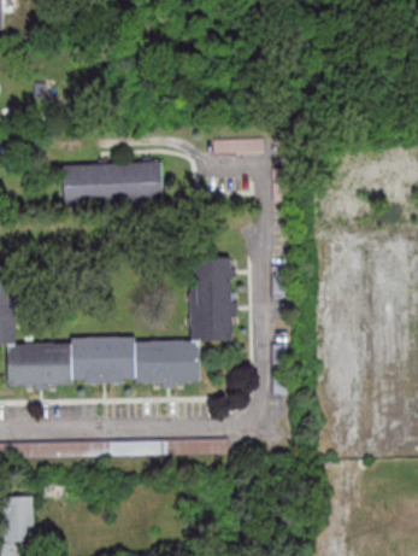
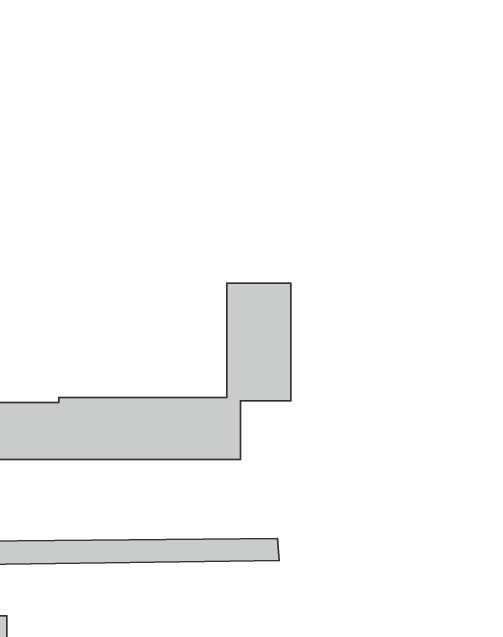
building: [60,160,163,206] -> none

